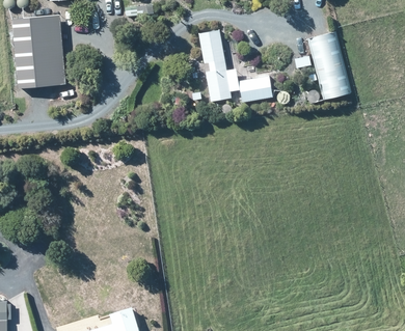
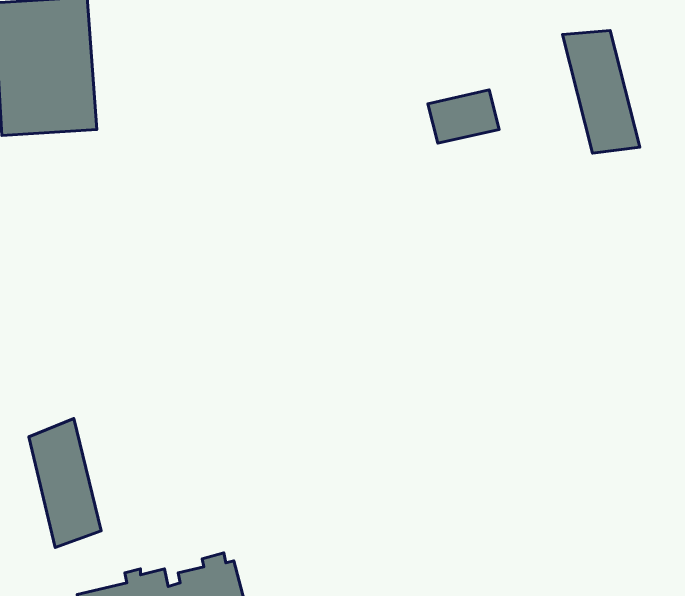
building: [196,30,232,106] -> none
building: none -> [29,418,101,548]

